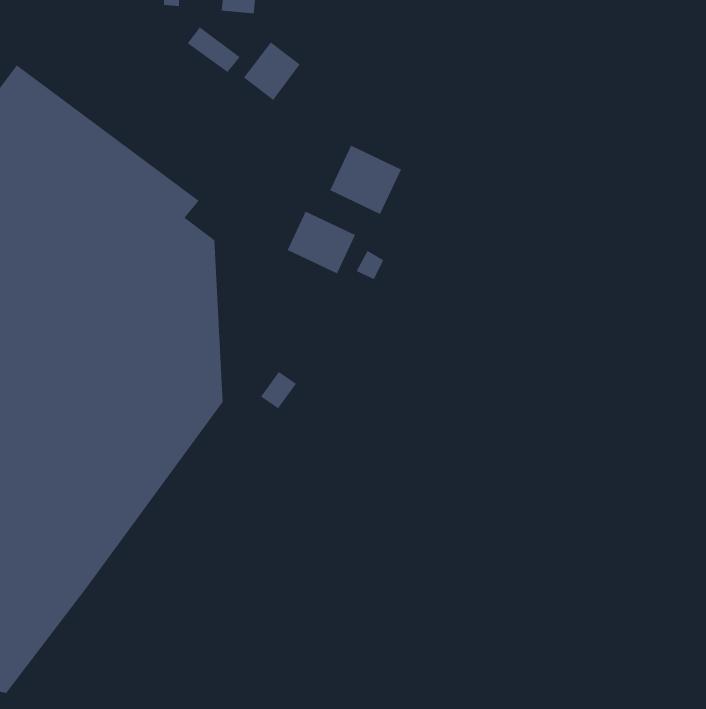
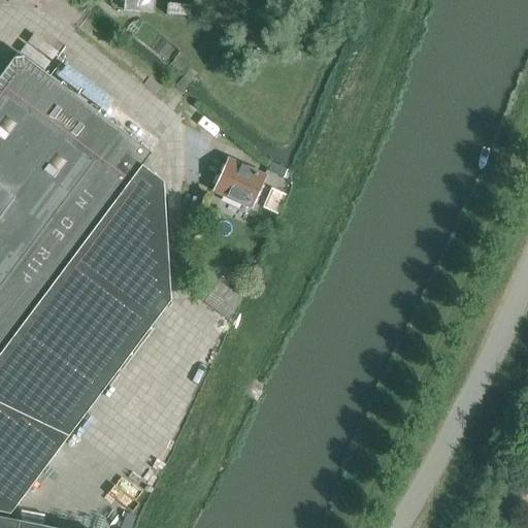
building: [243,41,301,101] -> none
building: [329,145,402,215] -> none

